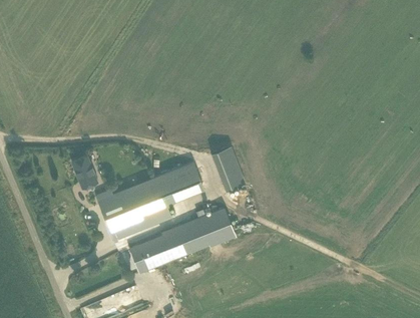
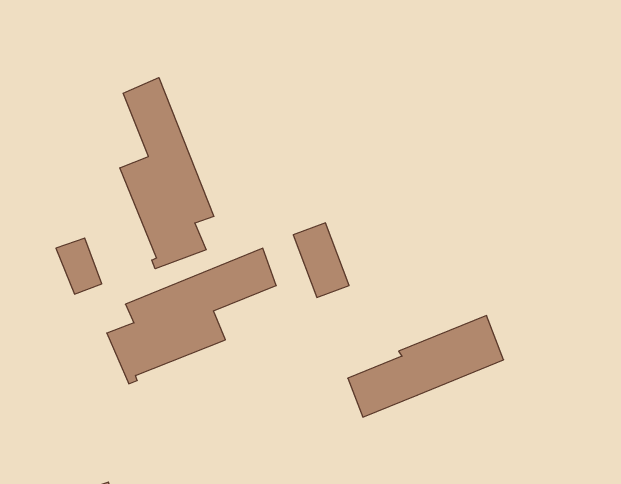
building: none -> [120,78,214,269]
building: [131,211,224,271] -> [348,316,504,417]

